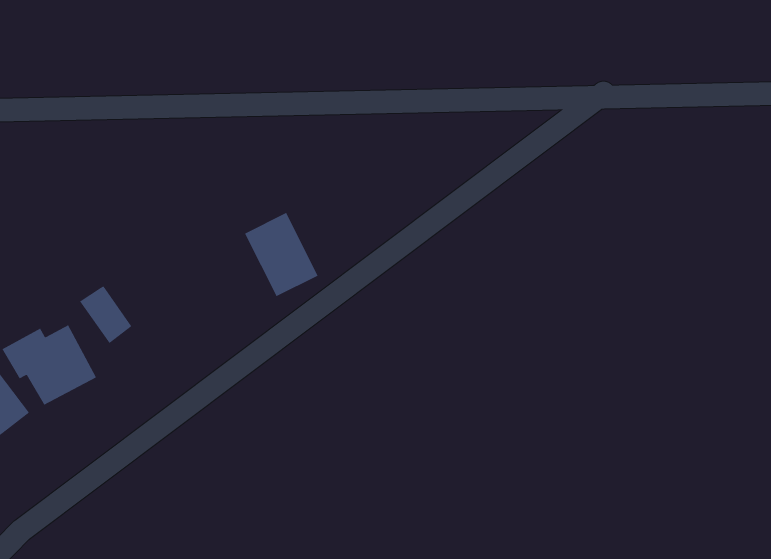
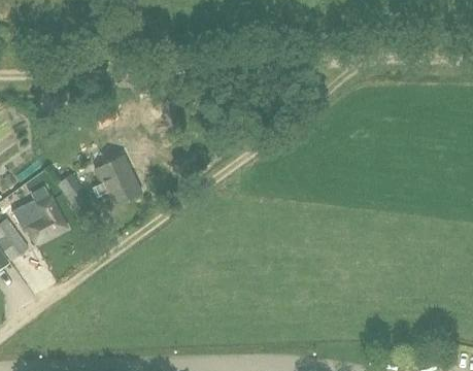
building: [244,212,318,297] -> [96,156,139,205]

